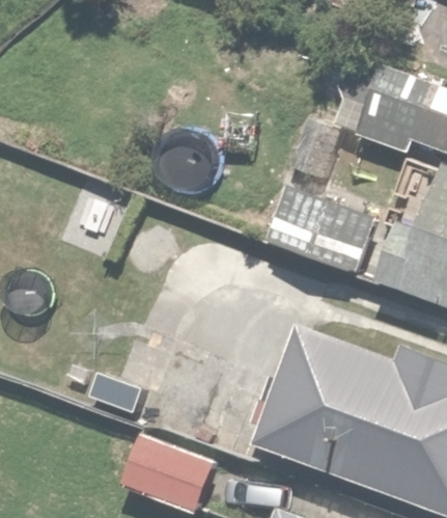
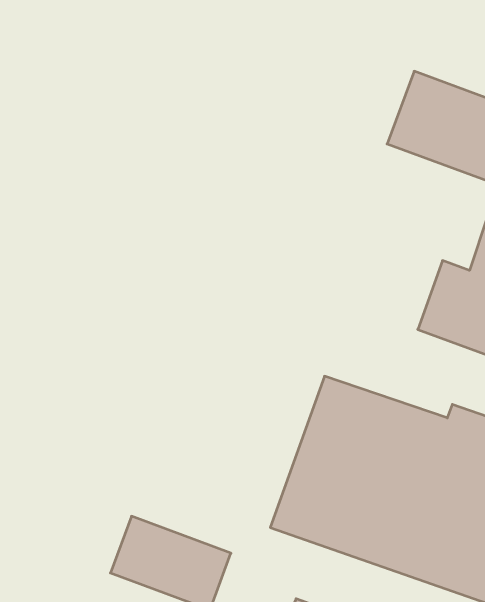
building: [266,183,386,278] -> none

